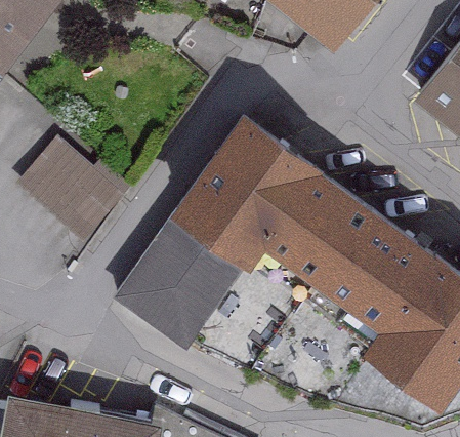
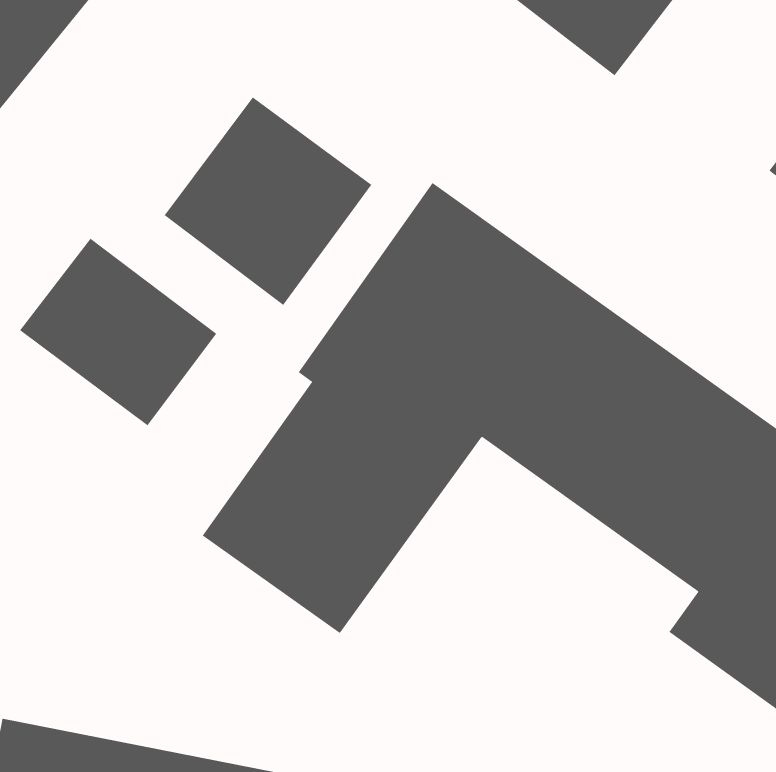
building: none -> [164,96,372,306]

